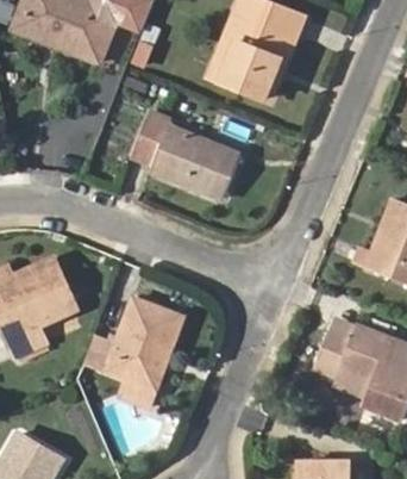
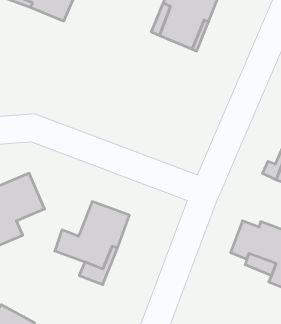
building: [132,110,238,197] -> none

